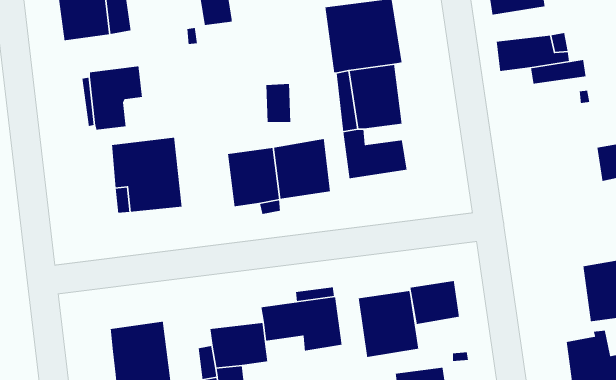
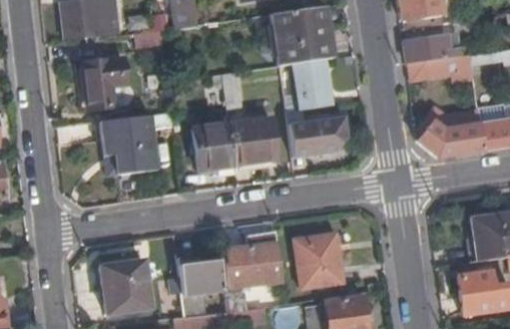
building: none -> [418,122,487,156]
building: [409,280,460,325] -> none

